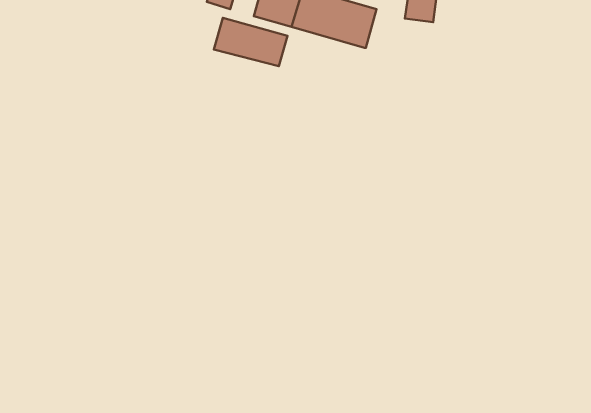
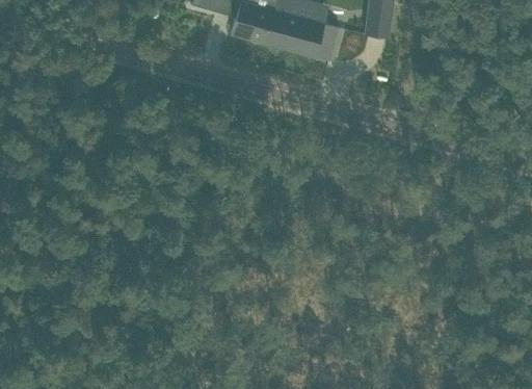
building: [214,18,287,66] -> none

